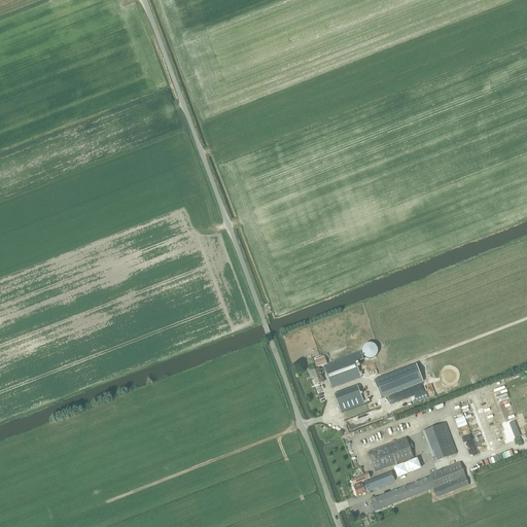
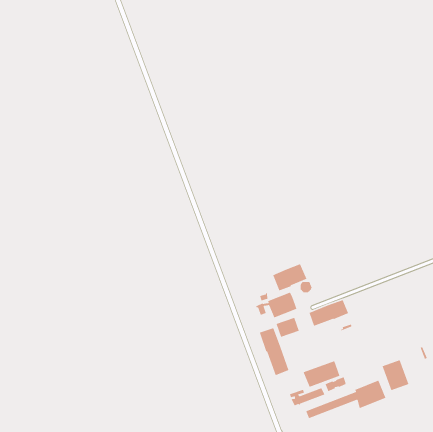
building: none -> [272,263,307,292]
building: none -> [259,327,289,376]
building: [423,422,457,461] -> [381,359,409,391]

